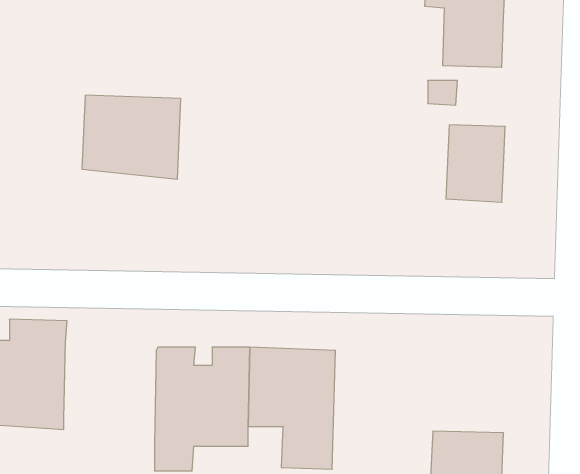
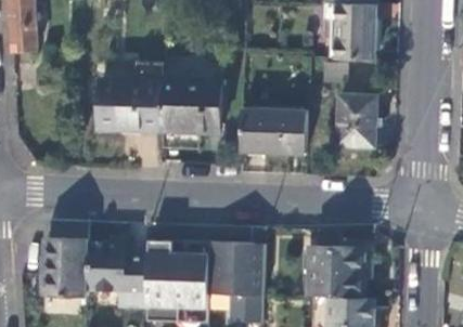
building: none -> [160,78,221,133]
building: none -> [239,107,306,155]
building: none -> [86,234,146,304]
building: none -> [308,246,371,295]

